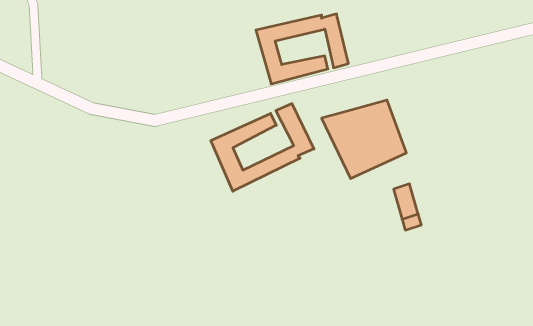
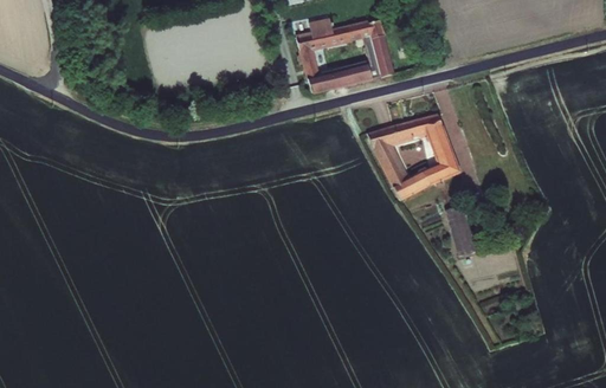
building: [211,104,314,191] -> none

